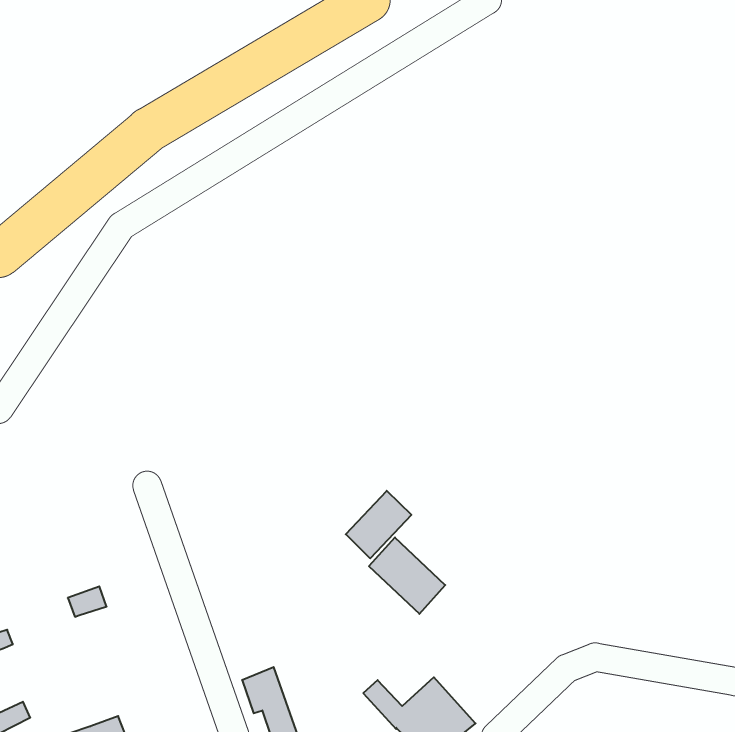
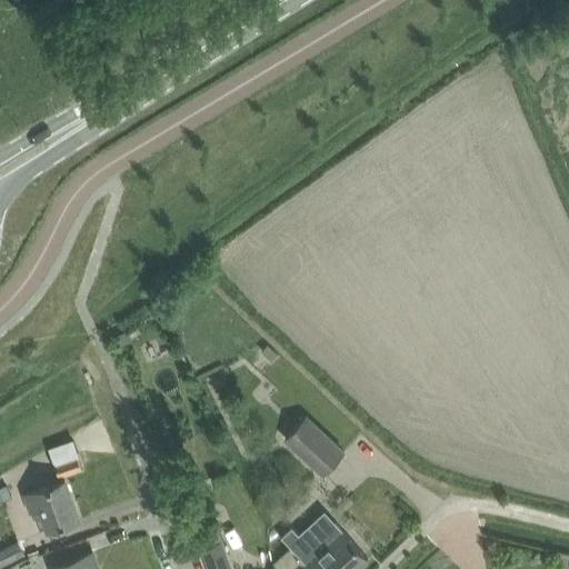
building: [346,491,411,558] -> none
building: none -> [24,482,78,531]

